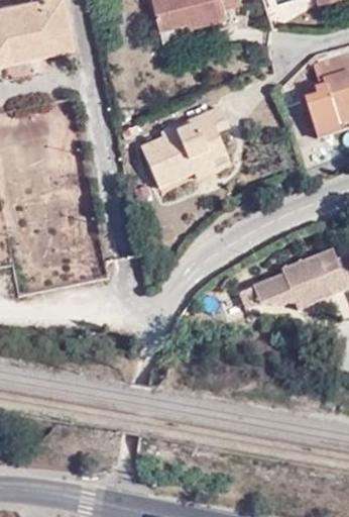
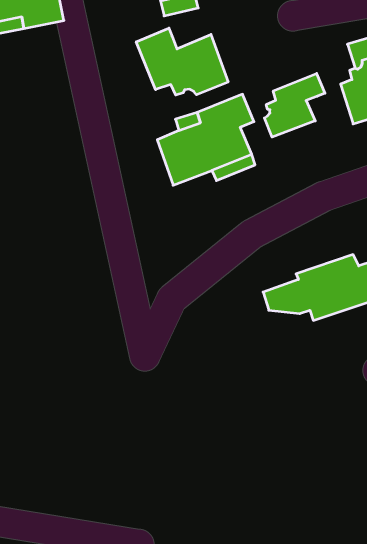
building: none -> [136,28,228,95]
building: none -> [264,73,325,137]

